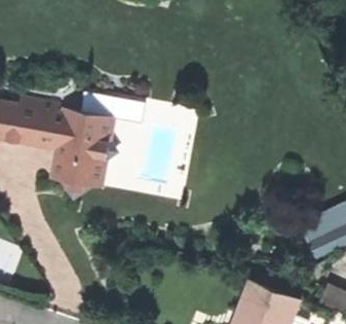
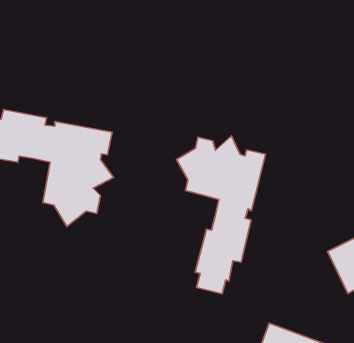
building: none -> [176,136,265,294]

